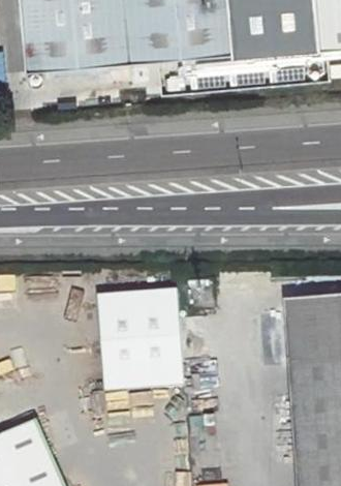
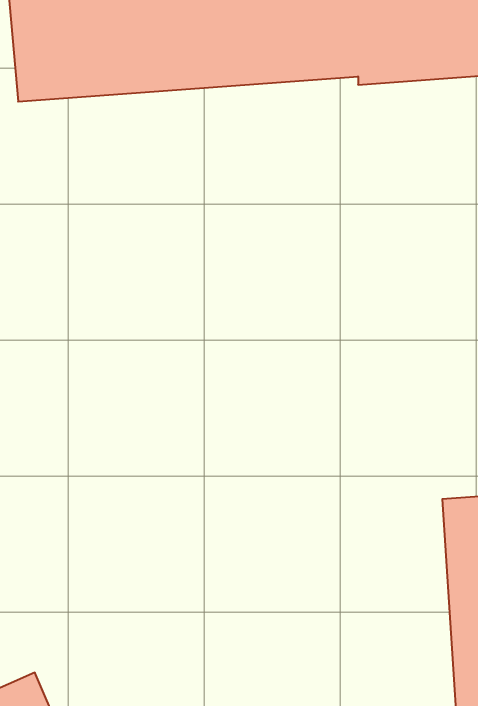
building: [97,297,185,397] -> none

